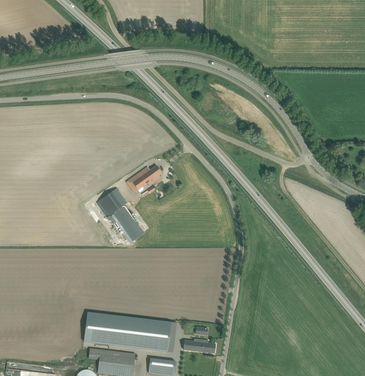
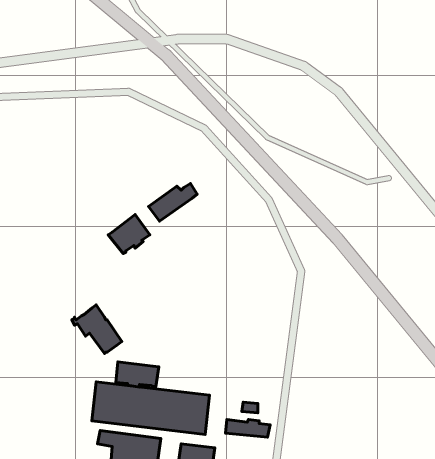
building: [107,206,144,242] -> [72,305,122,354]
building: none -> [116,362,159,387]

